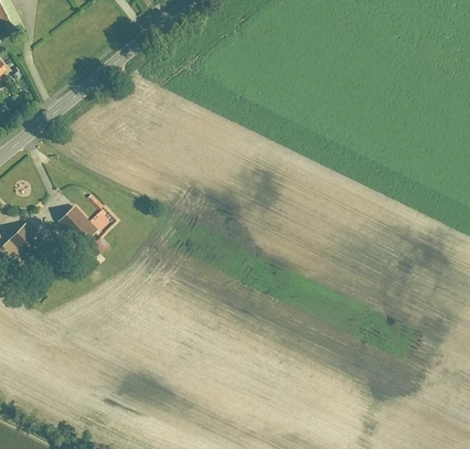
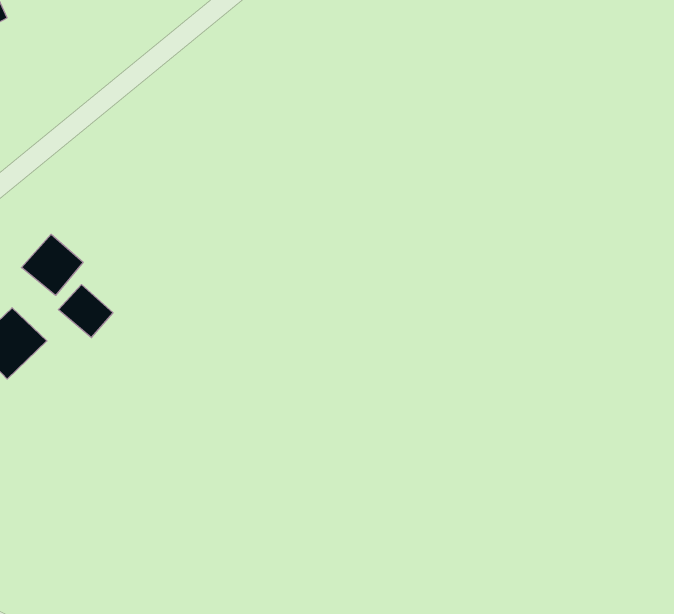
building: none -> [21,234,83,295]

